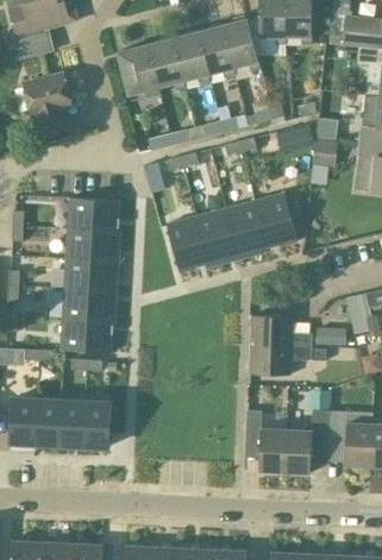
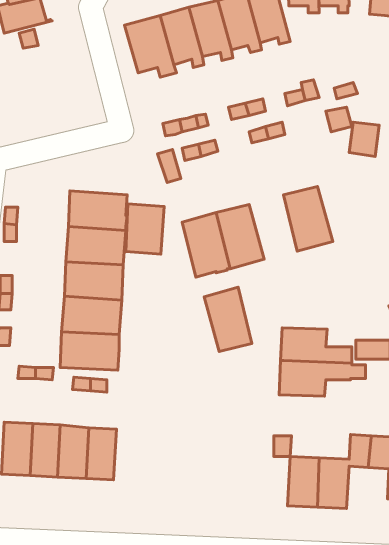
building: [23,75,70,137] -> none
building: [224,201,265,257] -> [204,287,252,352]
building: none -> [126,204,164,254]

